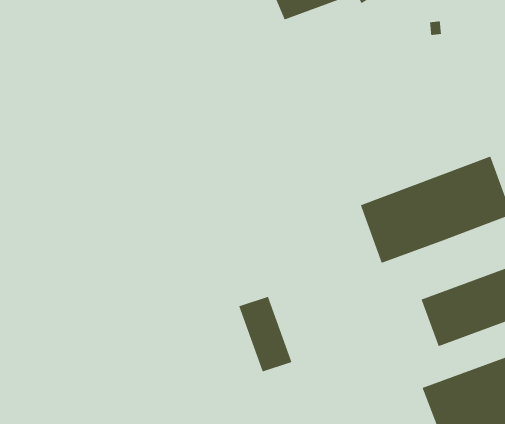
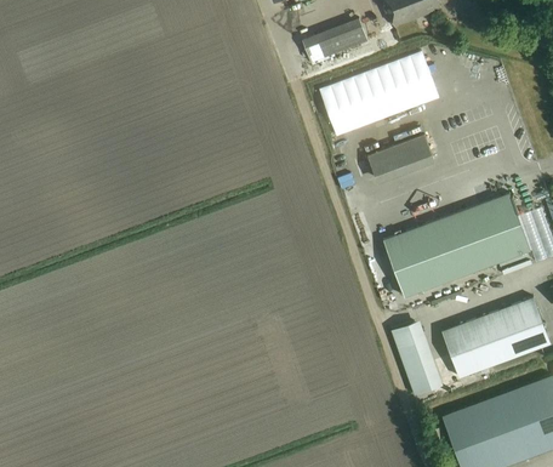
building: none -> [318,51,438,136]
building: none -> [364,131,433,181]
building: [238,296,292,373] -> [389,320,441,394]

